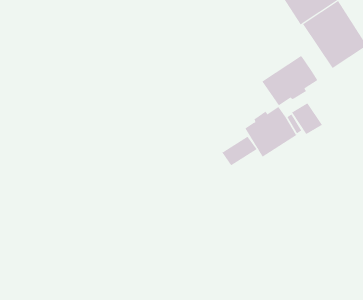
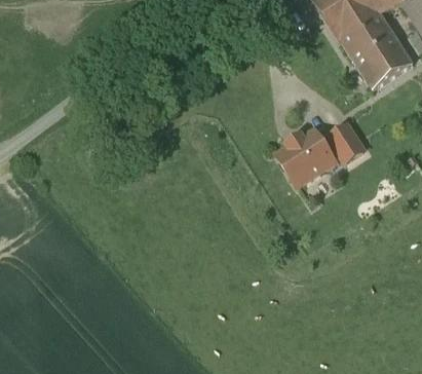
building: [262,55,318,106] -> none
building: [221,136,257,166] -> none

